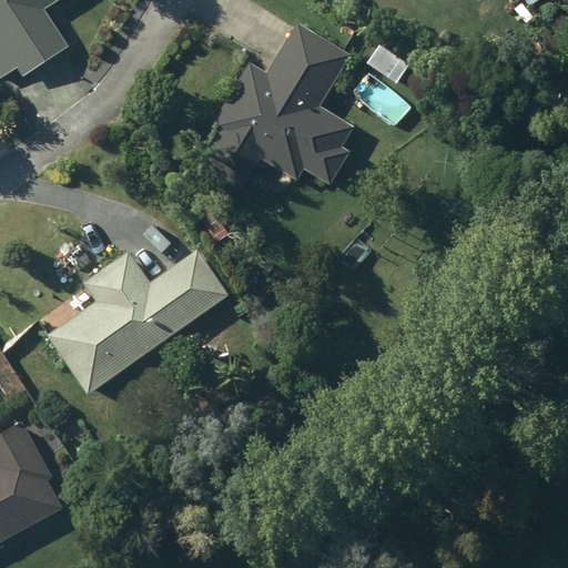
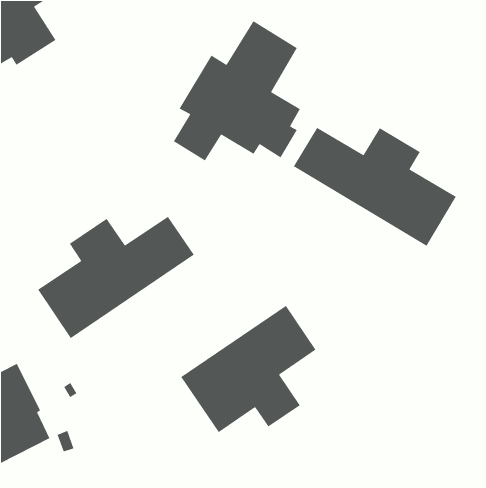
building: none -> [293,127,457,247]
building: none -> [180,305,316,433]

